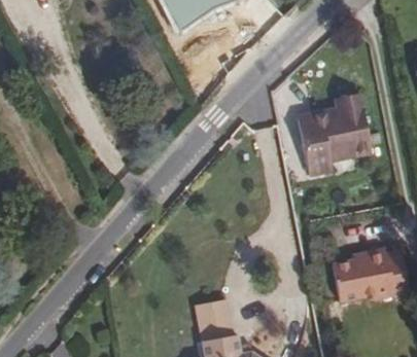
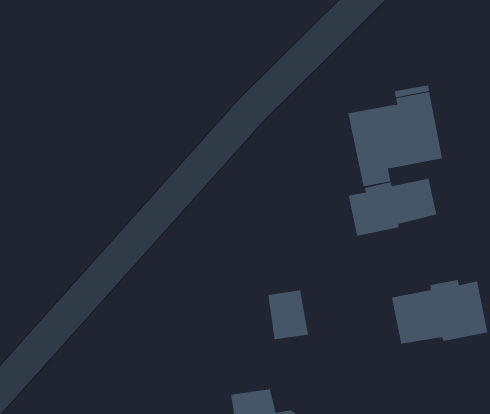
building: none -> [348,178,437,237]
building: [200,300,233,341] -> [267,290,309,340]

